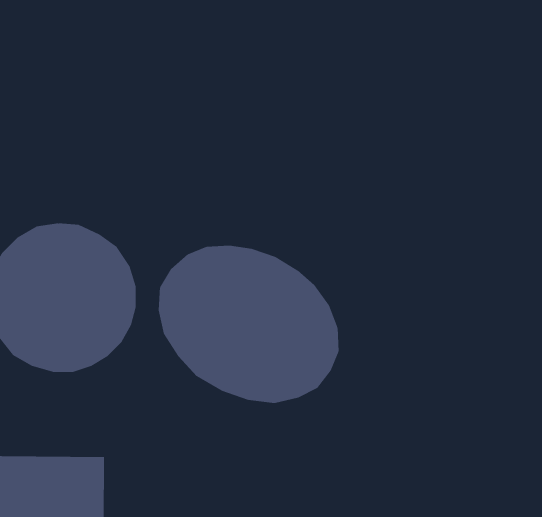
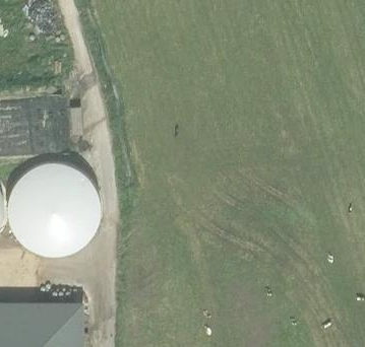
building: [158,245,339,404] -> none

